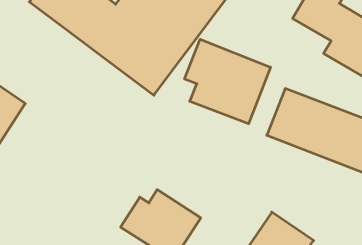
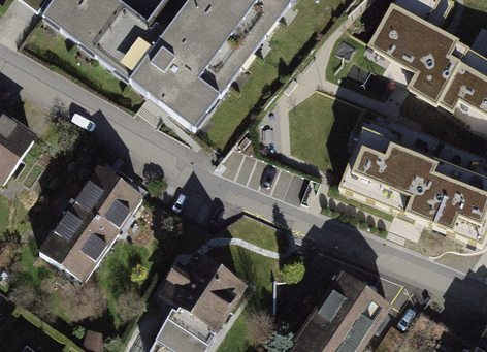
building: [185,39,270,124] -> none
building: none -> [36,173,140,289]

